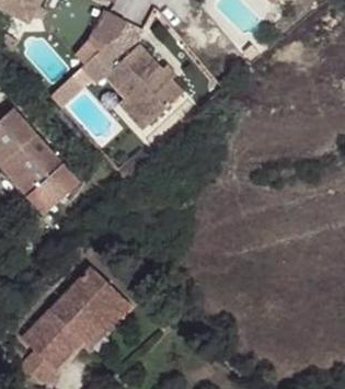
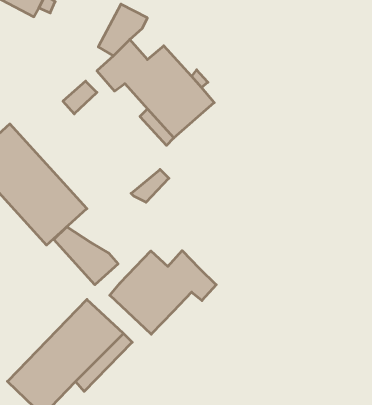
building: none -> [54,227,118,285]
building: none -> [110,251,216,334]

